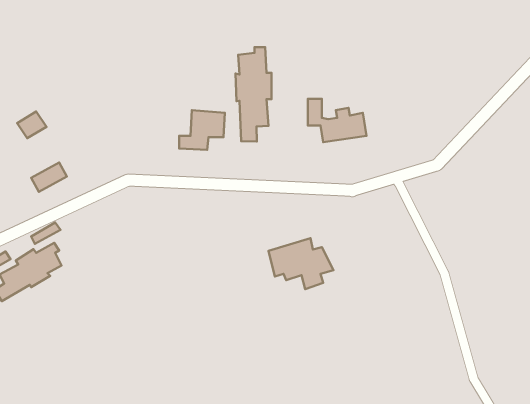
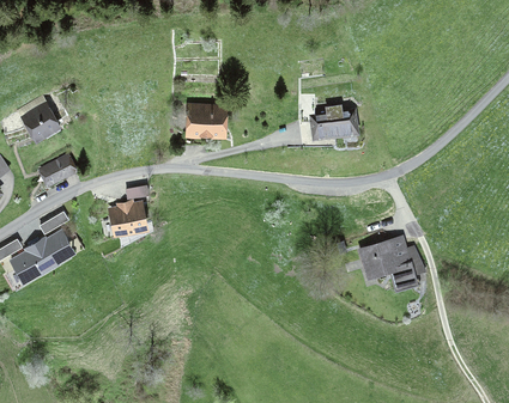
building: [236,47,272,141] -> none
building: none -> [110,201,145,232]
building: [268,238,333,289] -> [362,239,423,287]

